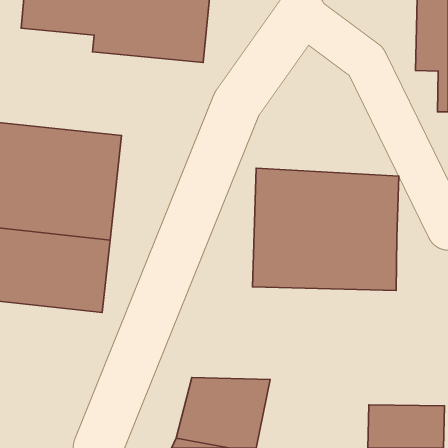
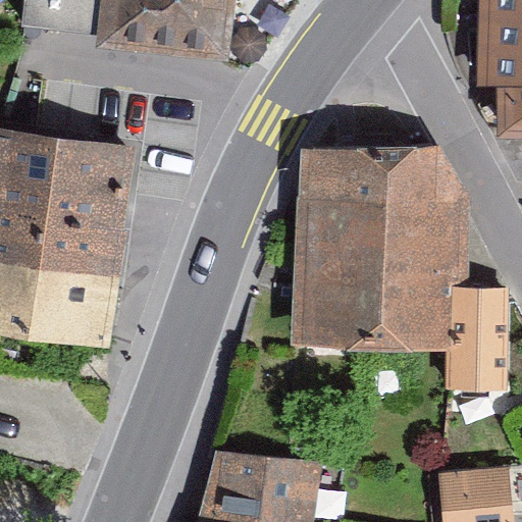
building: none -> [297,145,462,204]
building: none -> [458,275,505,377]

